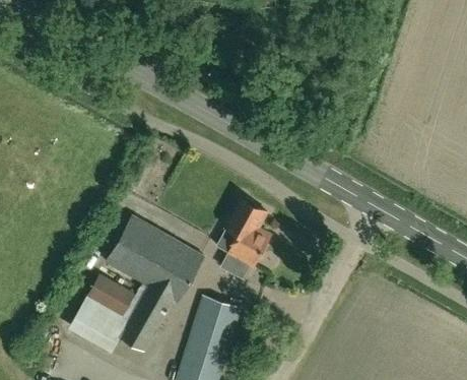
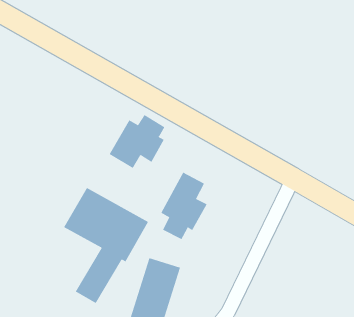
building: none -> [109,114,165,169]
building: [68,274,134,353] -> none

